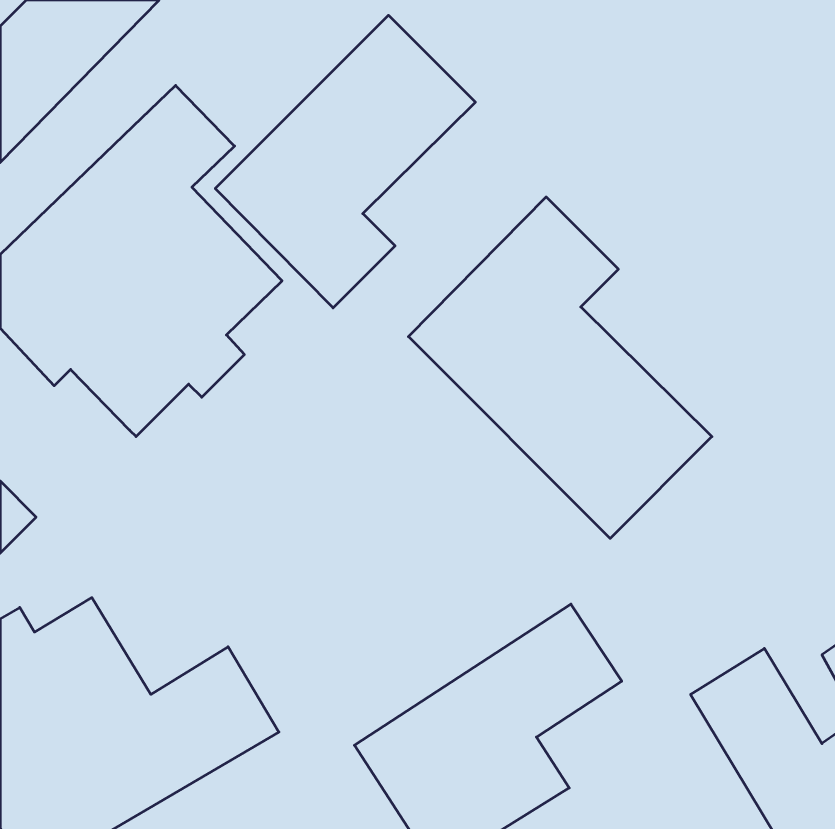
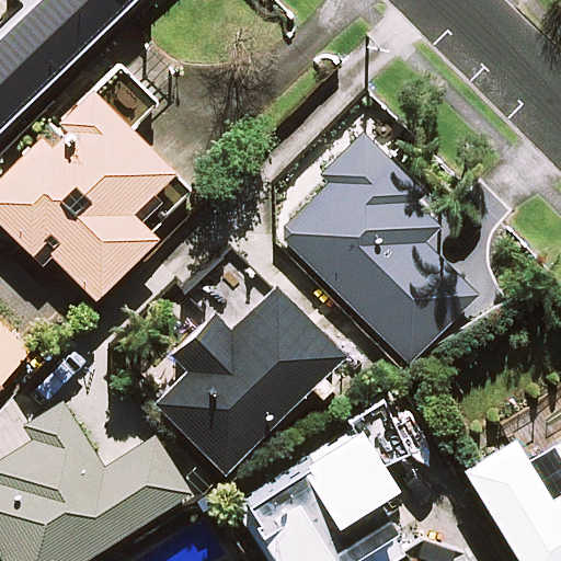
building: [215,15,475,308] -> none
building: none -> [153,275,360,473]

